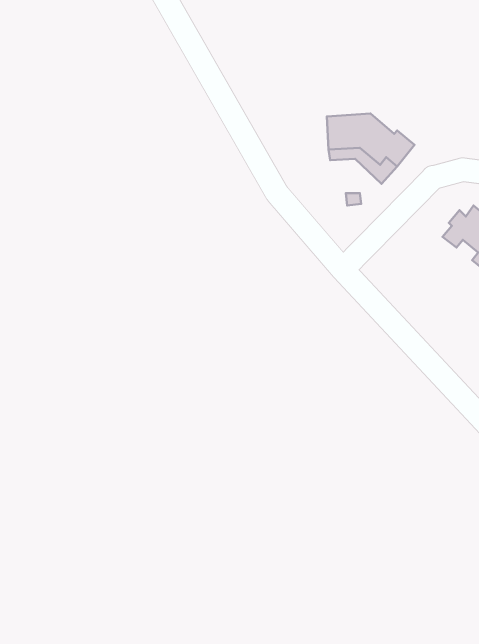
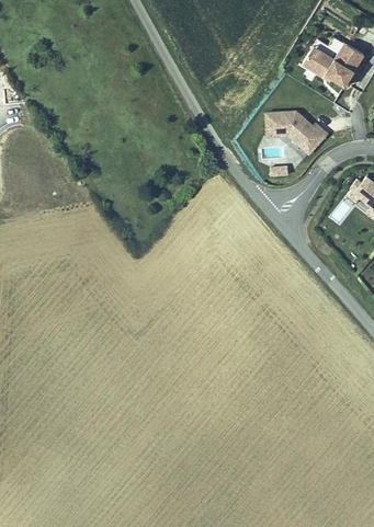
building: none -> [302,44,364,88]

